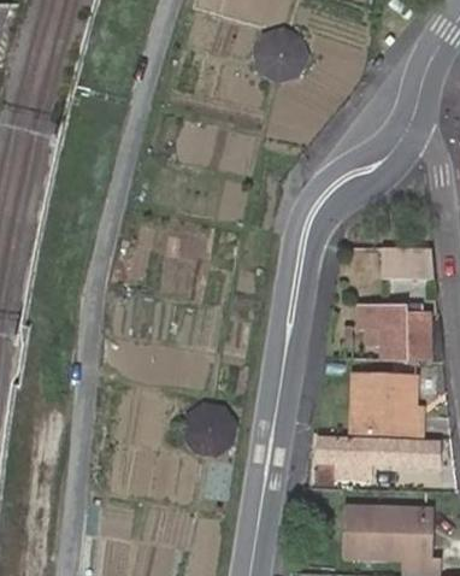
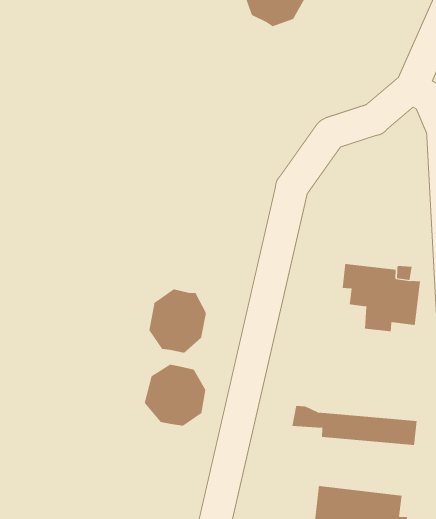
building: [383,245,434,275] -> none
building: none -> [149,288,206,354]
building: [352,371,423,435] -> none

